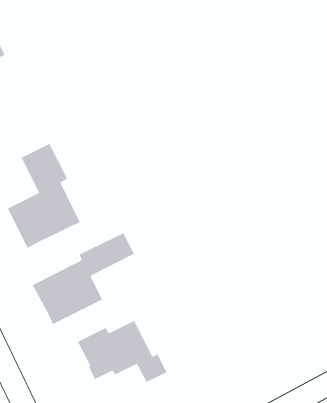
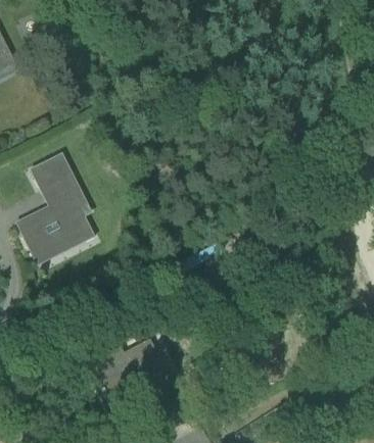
building: [32,232,135,325] -> none

